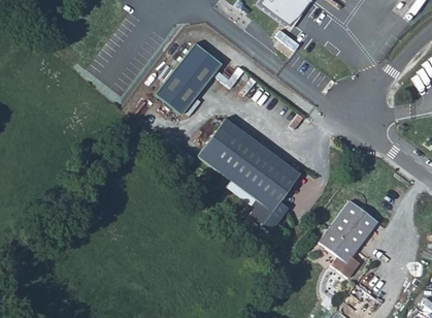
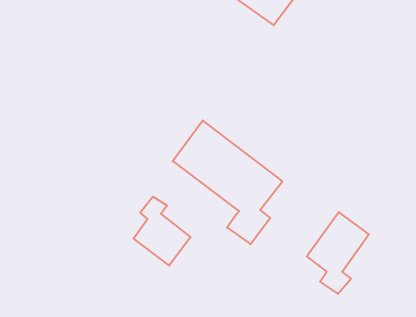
building: [155,42,221,114] -> none
building: none -> [134,197,191,266]

